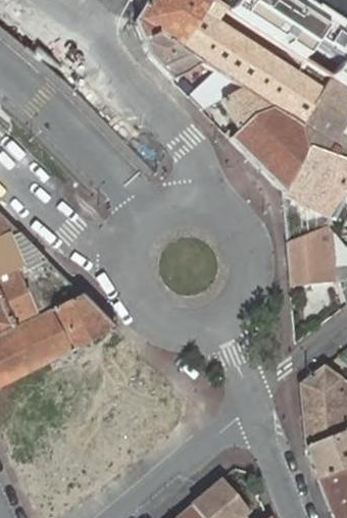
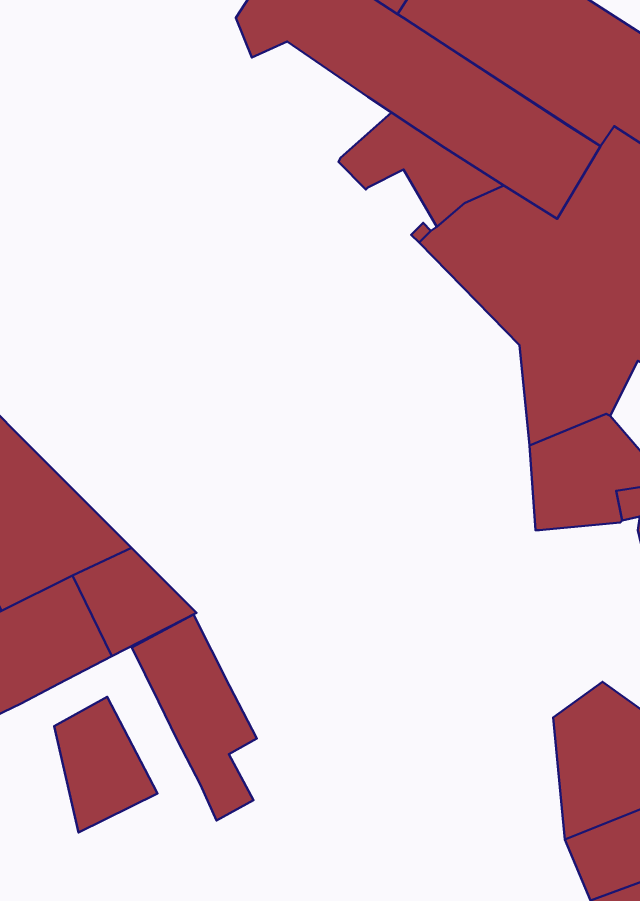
building: [144,32,204,77] -> none
building: none -> [132,615,257,821]
building: none -> [54,697,158,832]

